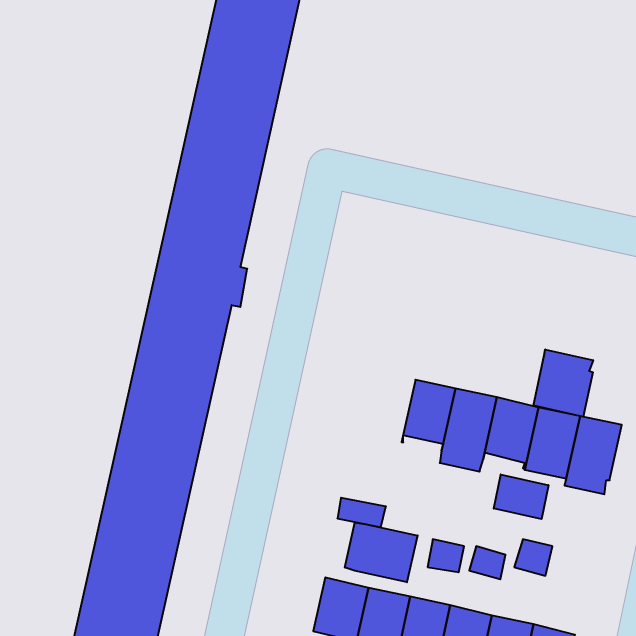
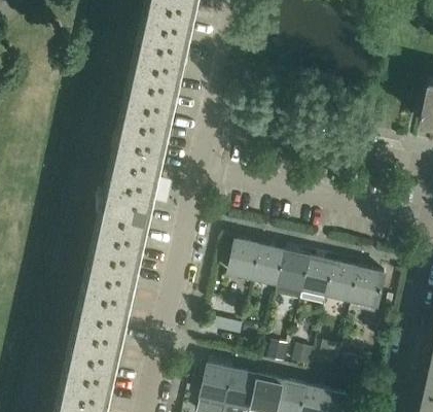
building: [533,349,593,417] -> none
building: none -> [229,240,262,283]
building: [494,474,548,519] -> none
building: [345,523,418,582] -> none

